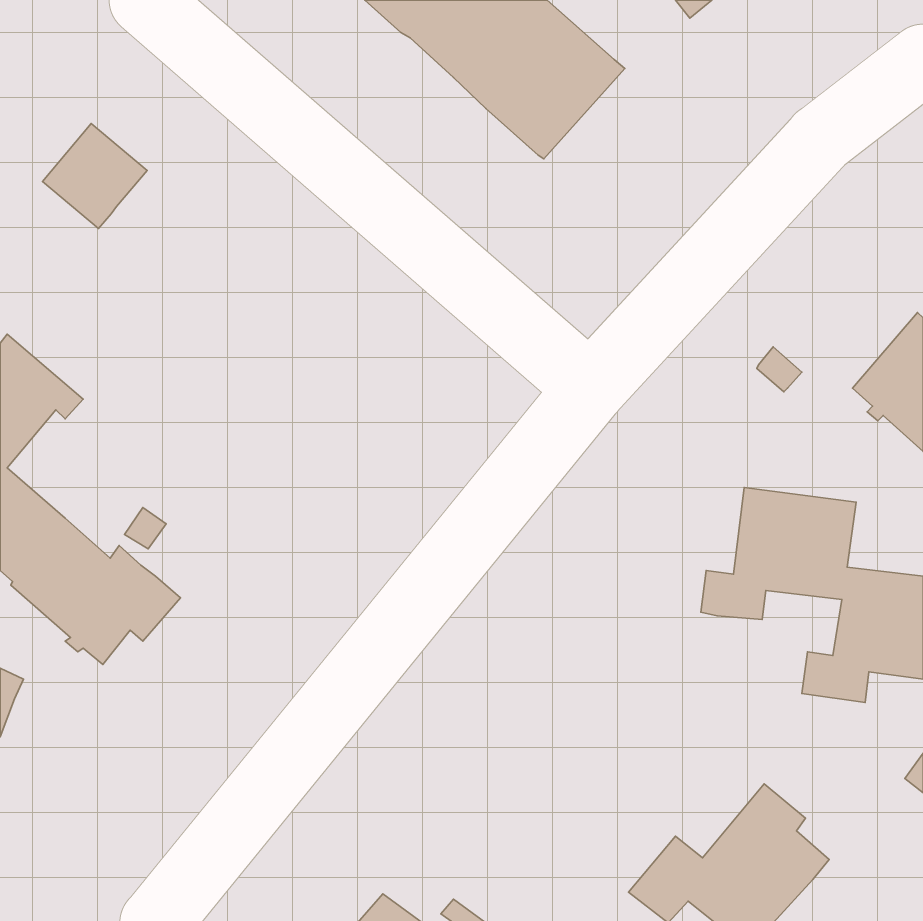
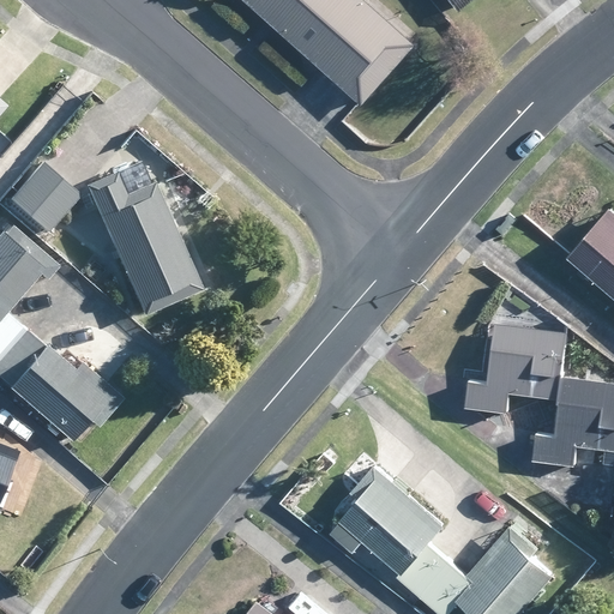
building: [42,124,147,228] -> [8,163,78,233]
building: none -> [84,173,198,317]
building: none -> [329,462,449,594]

